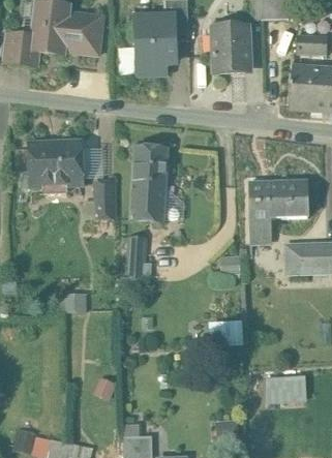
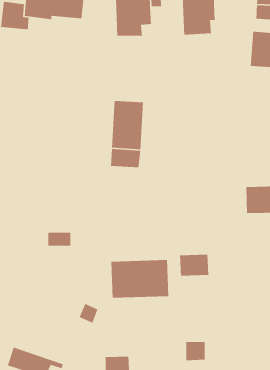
building: [29,141,84,185] -> none
building: [249,179,307,244] -> none
building: [95,180,115,217] -> none
building: [127,236,154,279] -> none
building: none -> [111,259,169,299]
building: [268,378,303,399] -> none

